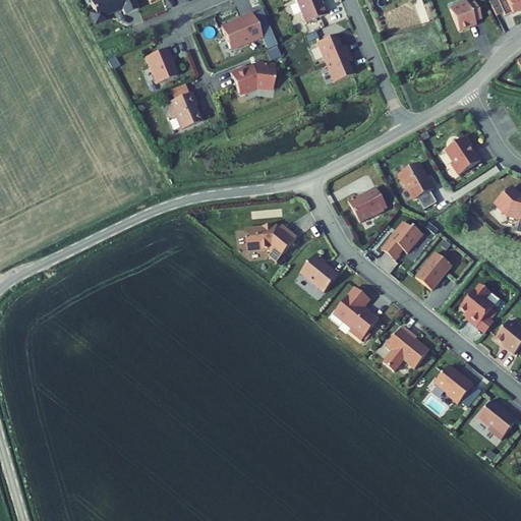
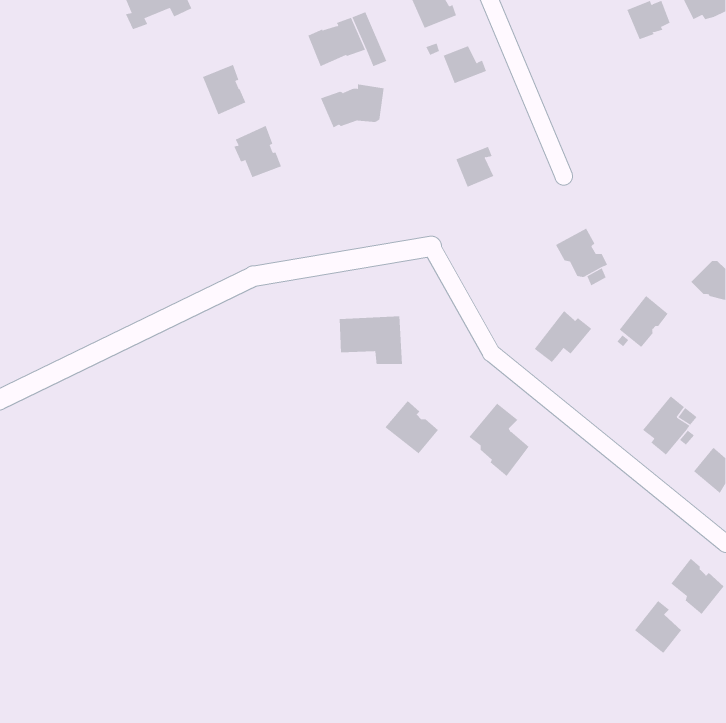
building: [325,51,352,80] -> [456,146,494,188]
building: [445,136,480,175] -> none
building: [348,187,387,223] -> none
building: [416,252,452,290] -> [619,295,669,348]
building: [300,253,339,292] -> [385,400,439,454]
building: [384,326,430,372] -> none
building: [436,364,475,403] -> none
building: none -> [634,600,682,654]

